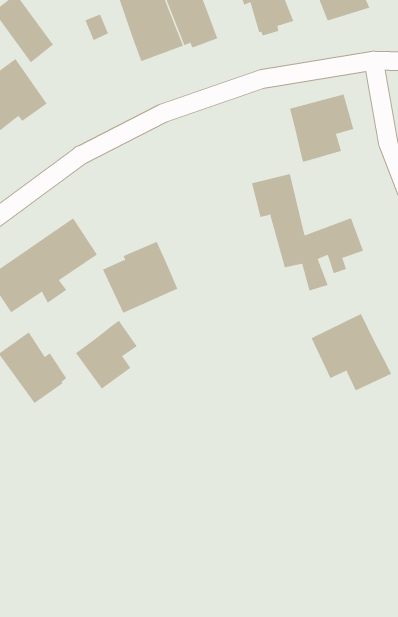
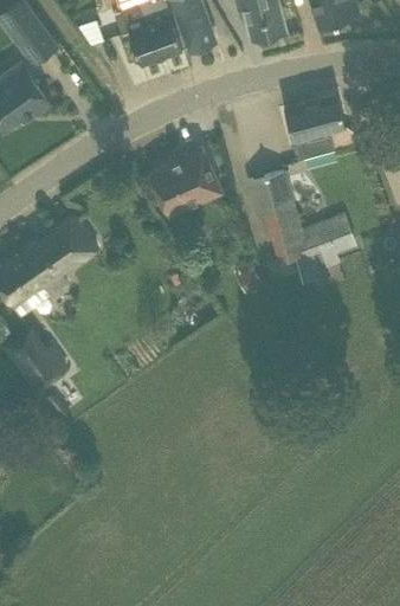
building: [102,241,178,314] -> [149,147,222,217]
building: [311,313,392,391] -> none
building: [75,320,137,389] -> none

